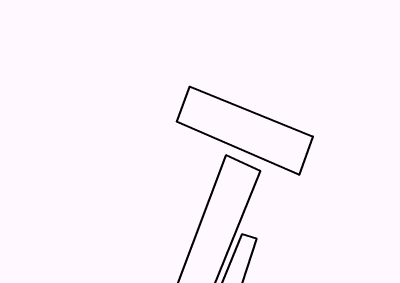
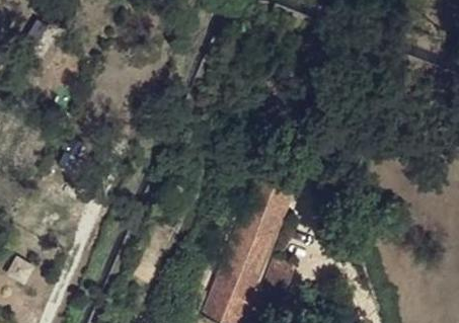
building: [177,87,313,175] -> none

